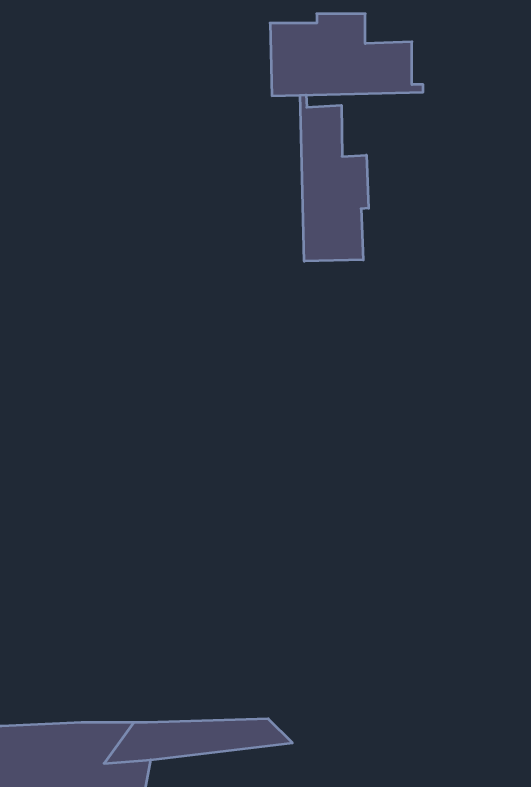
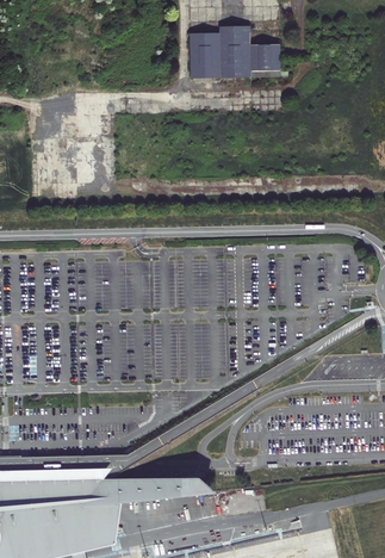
building: [300,95,369,261] -> none

